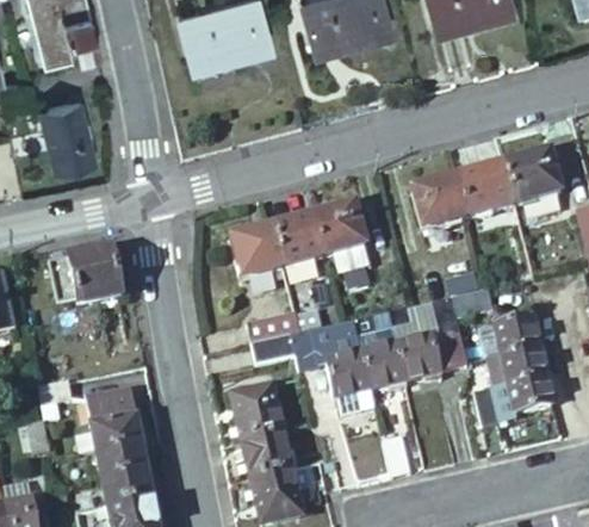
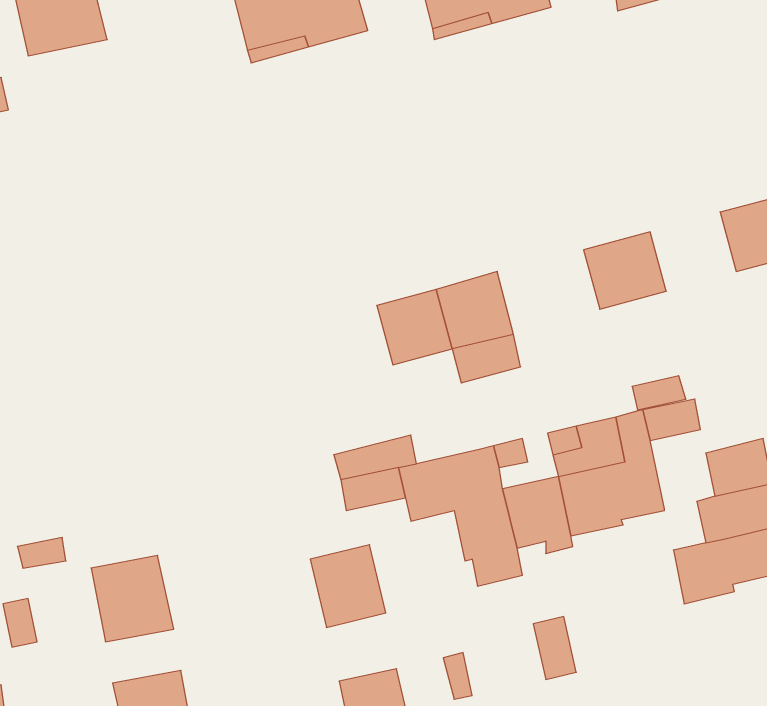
building: [41,97,95,167] -> none
building: [457,165,514,217] -> none
building: [232,227,286,278] -> none
building: [50,250,122,305] -> none
building: [242,430,289,476] -> none
building: [95,441,145,477] -> none

